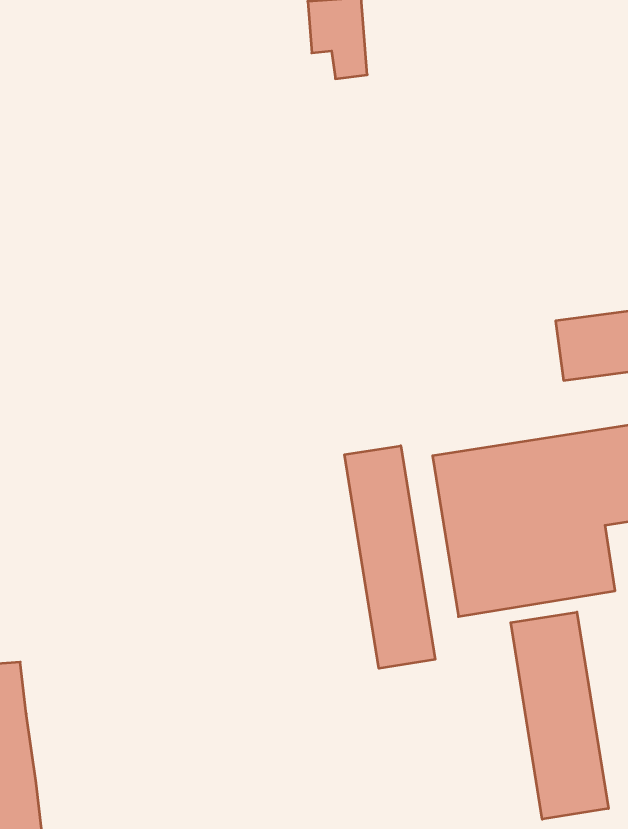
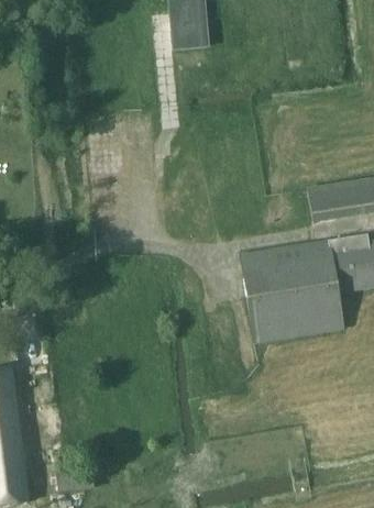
building: [345,446,435,668] -> none
building: [511,612,608,819] -> none

